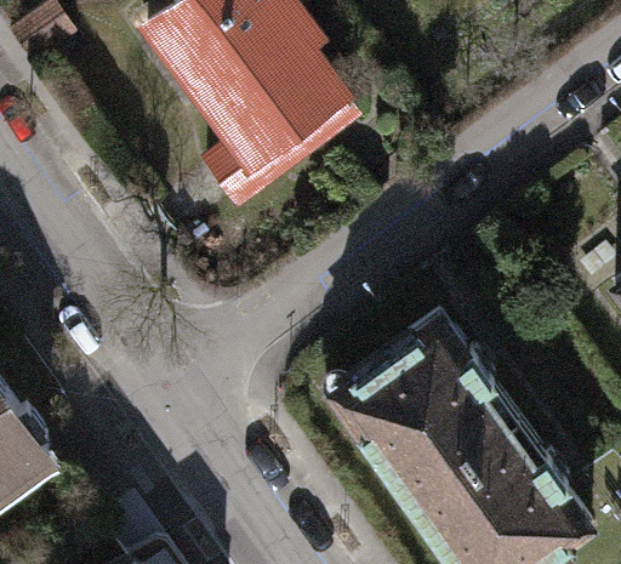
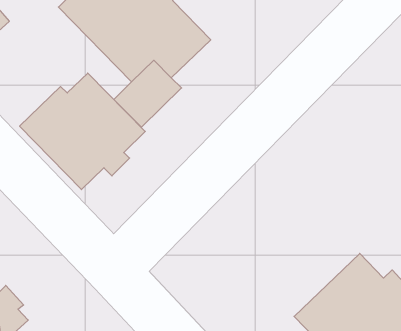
building: none -> [20,73,145,190]
building: [344,312,513,495] -> none

